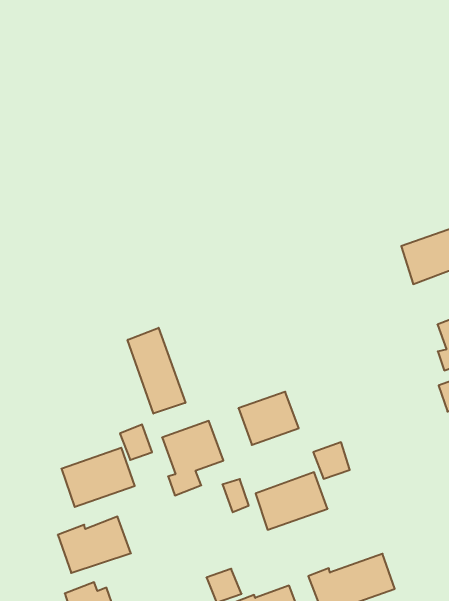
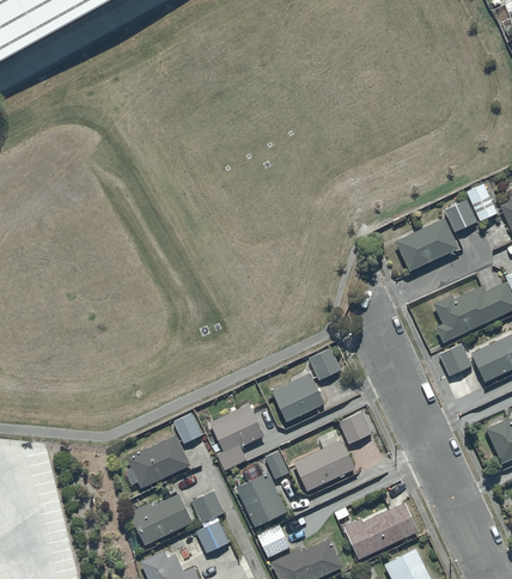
building: [128,328,185,414] -> none
building: none -> [309,347,341,380]
building: none -> [236,473,286,526]
building: none -> [191,490,228,554]

